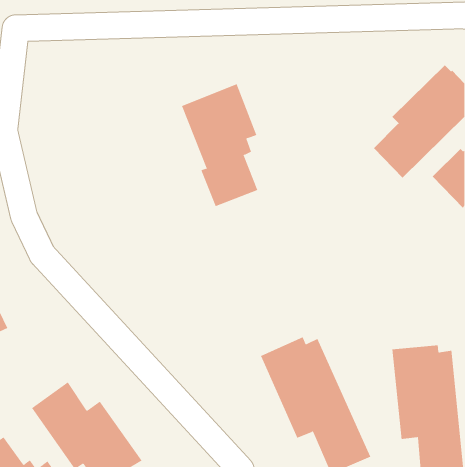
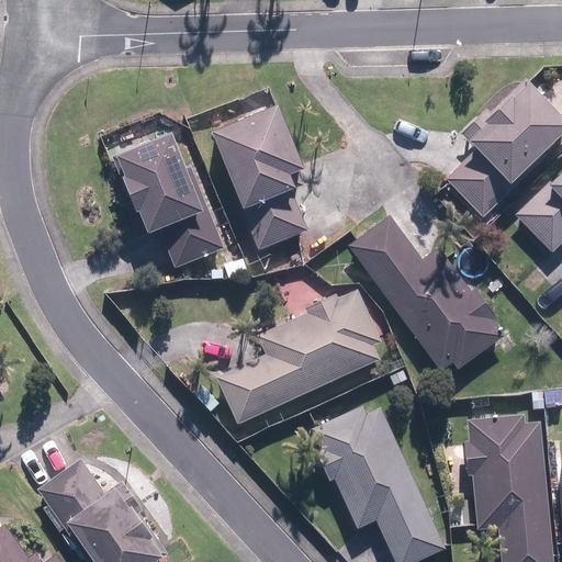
building: none -> [112,131,223,267]
building: none -> [347,215,503,371]
building: none -> [215,290,381,424]

